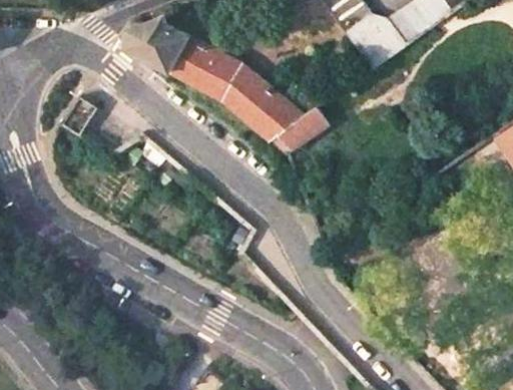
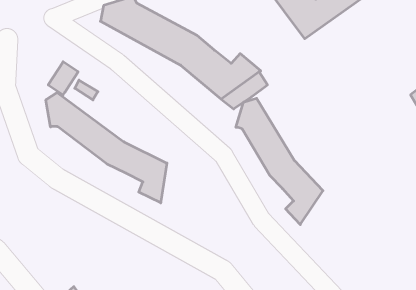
building: none -> [46,92,167,203]
building: none -> [236,98,323,225]

